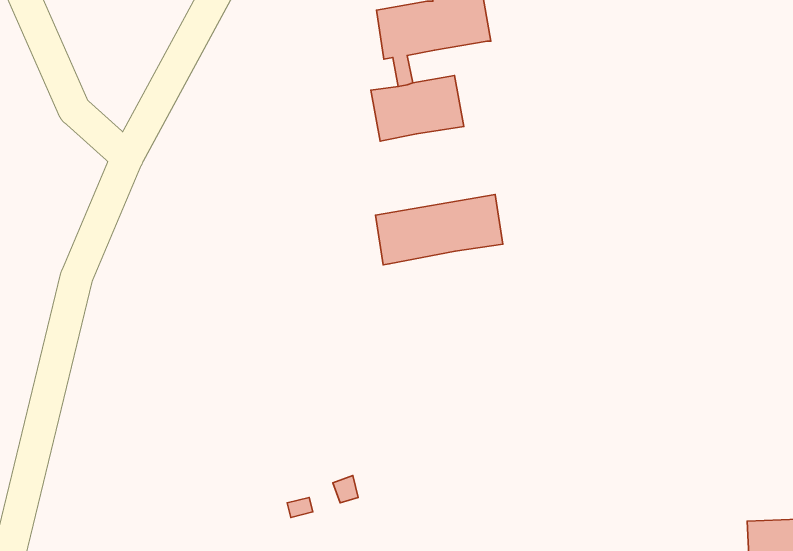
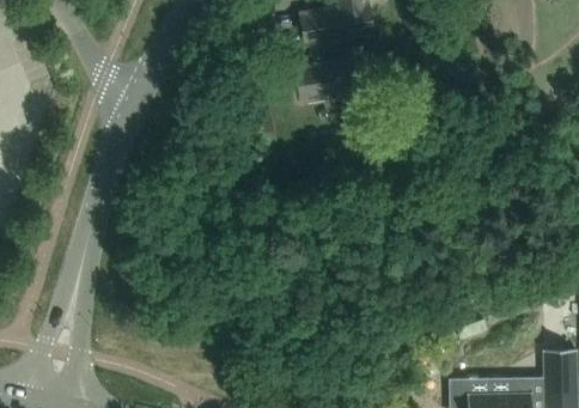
building: [376,194,503,265] -> none

